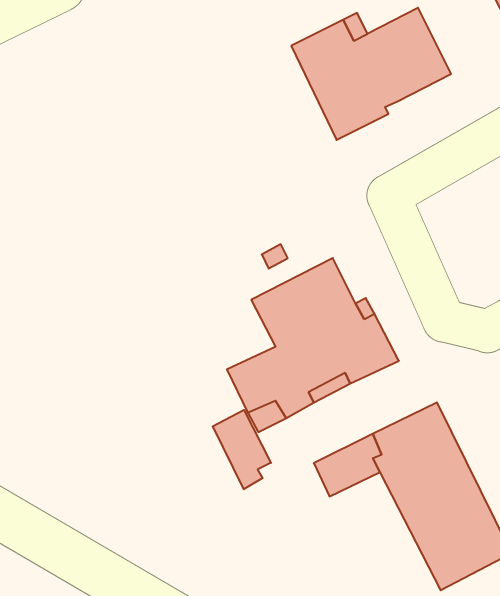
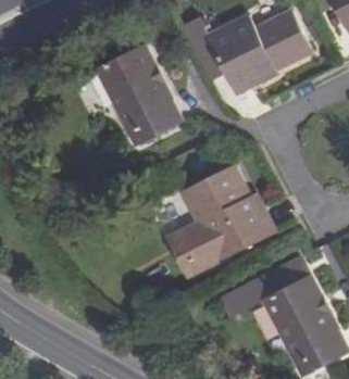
building: none -> [99,47,182,144]
building: [213,410,271,489] -> none

